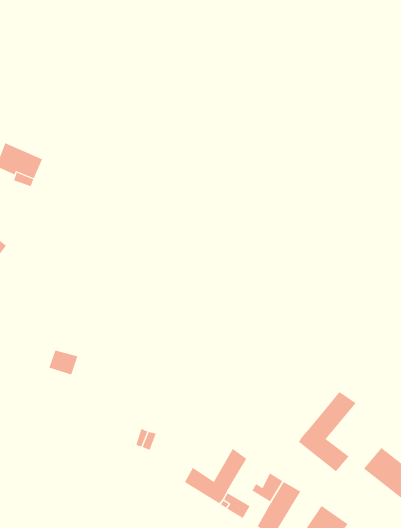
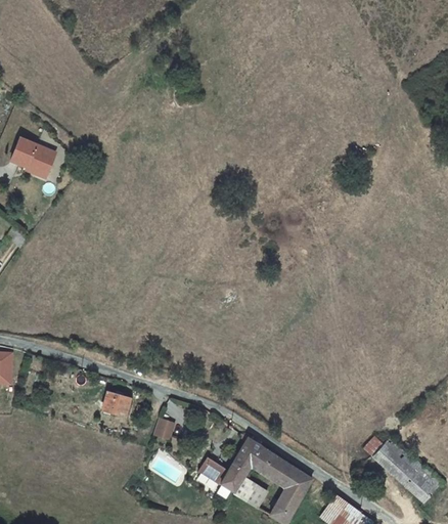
building: [48,350,78,375] -> [101,388,130,412]
building: [298,391,357,472] -> none
building: none -> [248,446,281,477]

